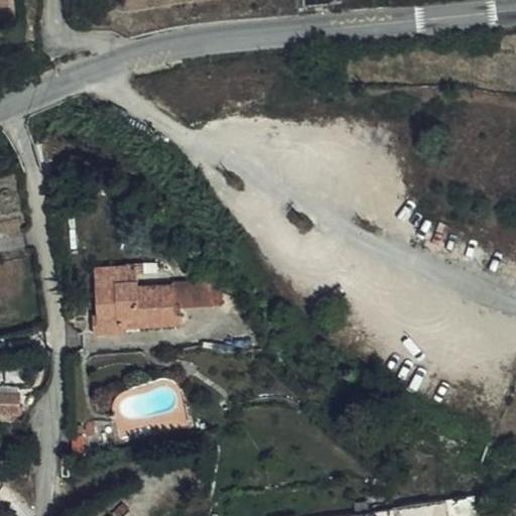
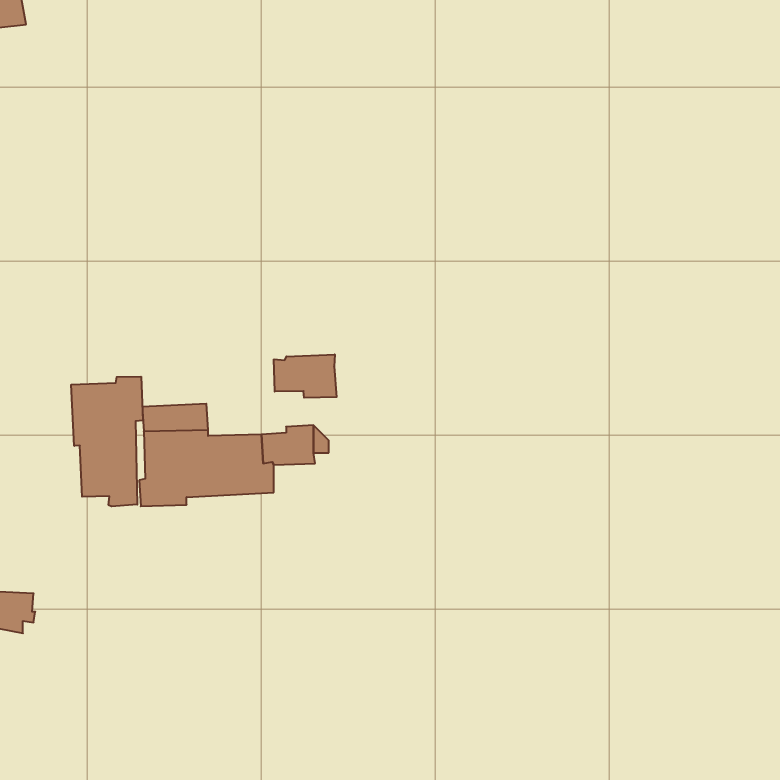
building: none -> [274,354,337,398]
building: none -> [71,377,143,506]

